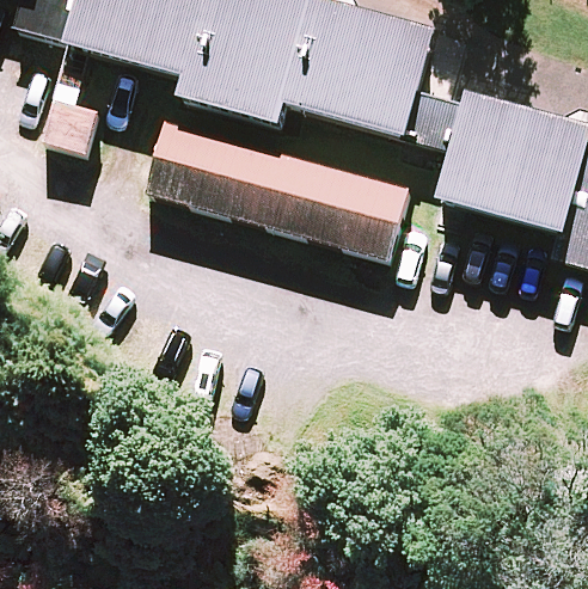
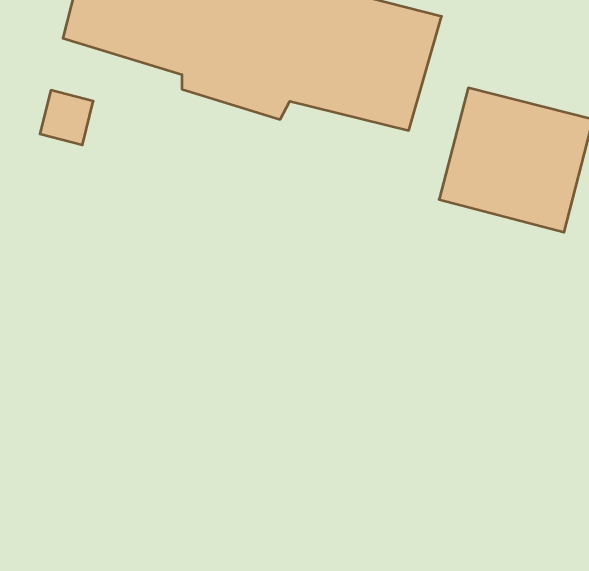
building: [142,119,404,259] -> none

